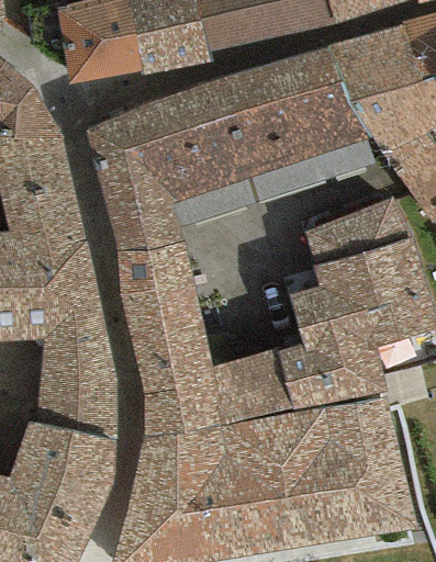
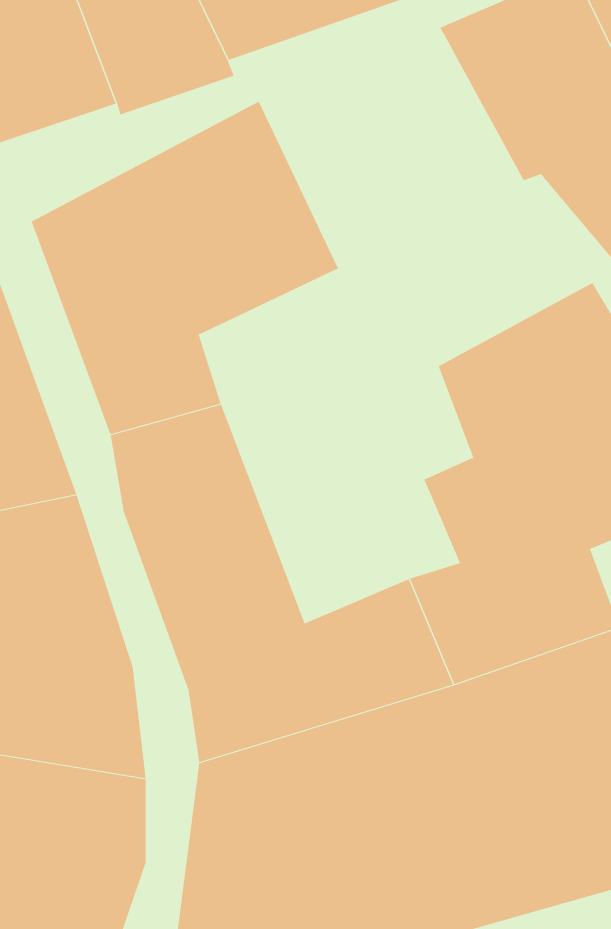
building: [223,48,364,175] -> none

